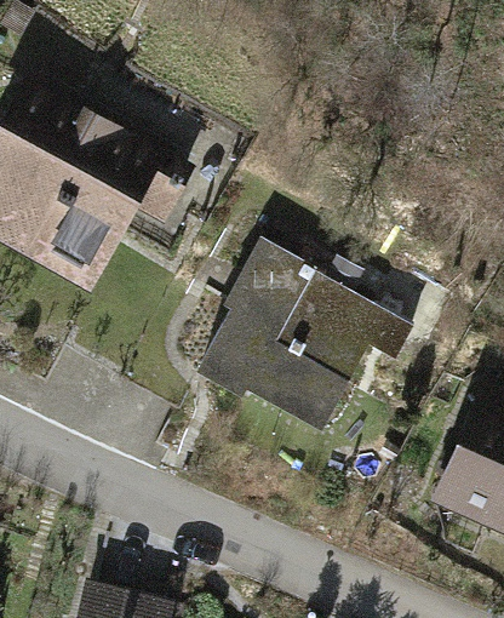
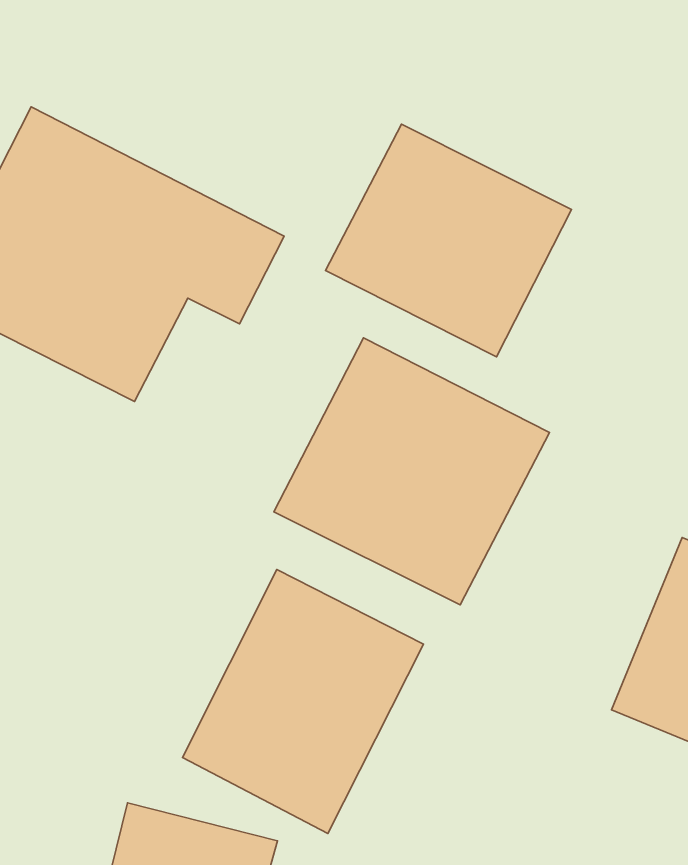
building: none -> [325,124,571,357]
building: none -> [183,570,424,834]

